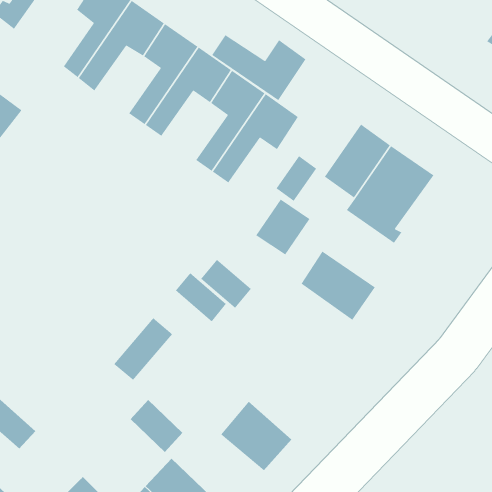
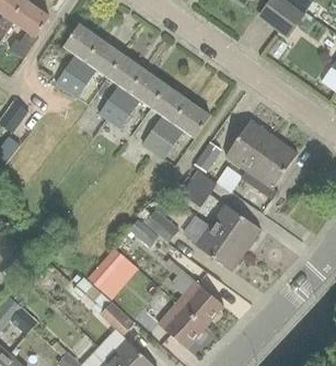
building: [211,34,306,101] -> none
building: none -> [182,214,244,270]
building: none -> [169,268,223,327]

